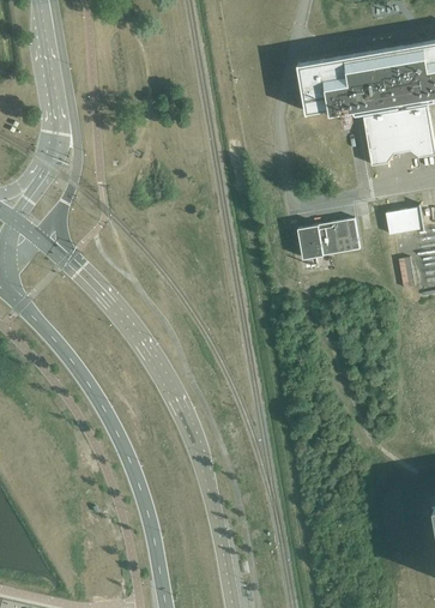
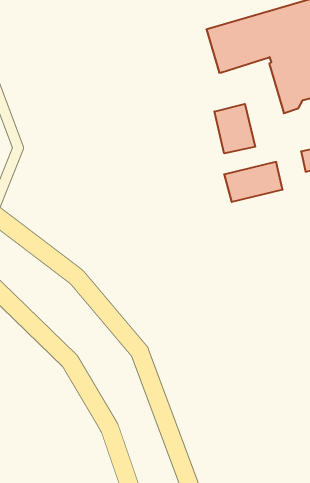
building: none -> [214,104,255,153]

